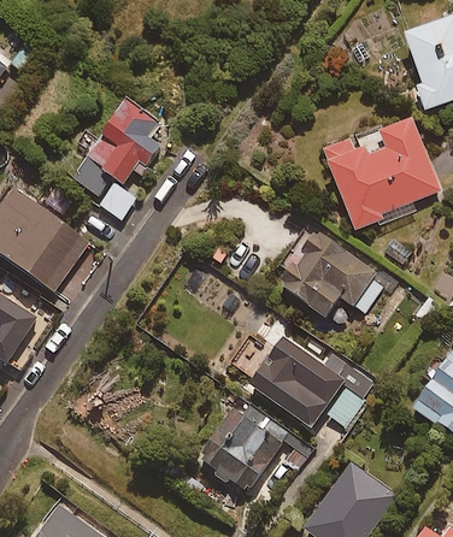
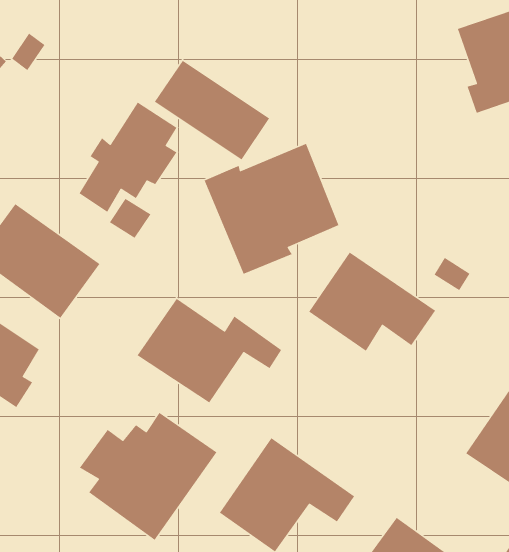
building: none -> [154,60,270,160]
building: [320,117,440,232] -> [203,143,340,275]
building: [247,335,375,427] -> [136,298,282,404]
building: none -> [79,412,217,541]

